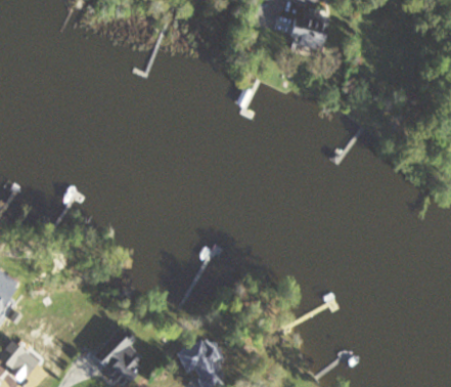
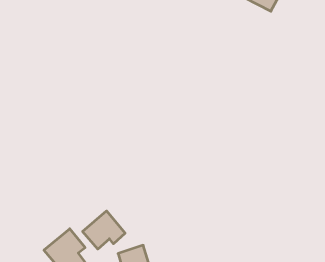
building: none -> [83,211,125,249]

